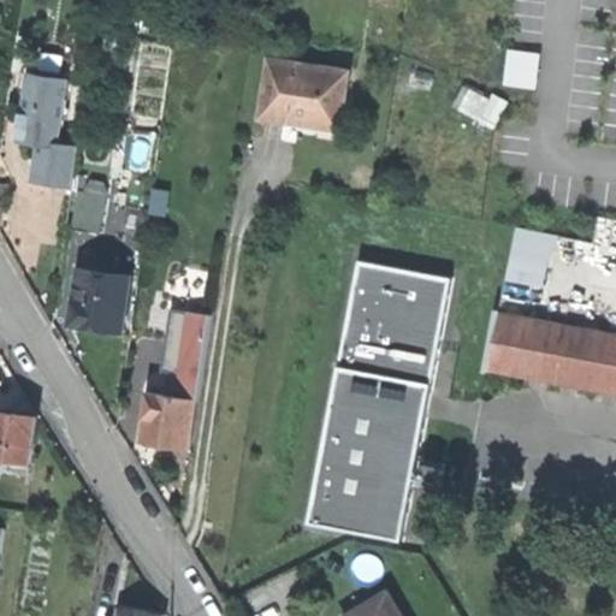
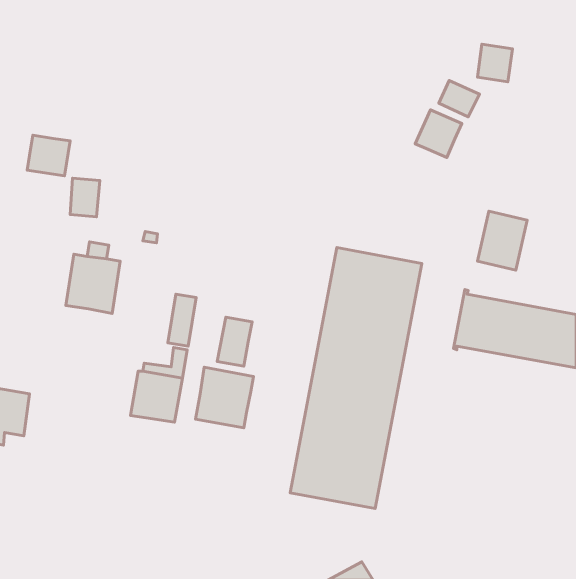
building: [257,59,344,128] -> none
building: [17,76,66,148] -> none
building: none -> [415,110,462,158]
building: none -> [217,317,252,366]
building: none -> [196,367,254,428]

